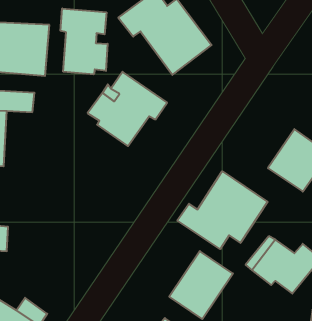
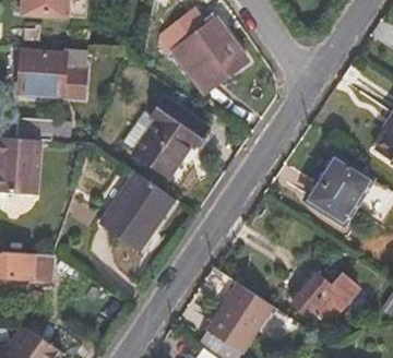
building: [60,8,108,74] -> none
building: none -> [97,169,174,249]
building: [177,171,268,249] -> none

